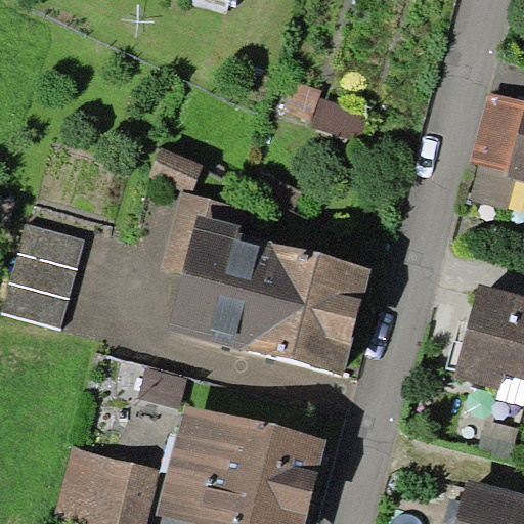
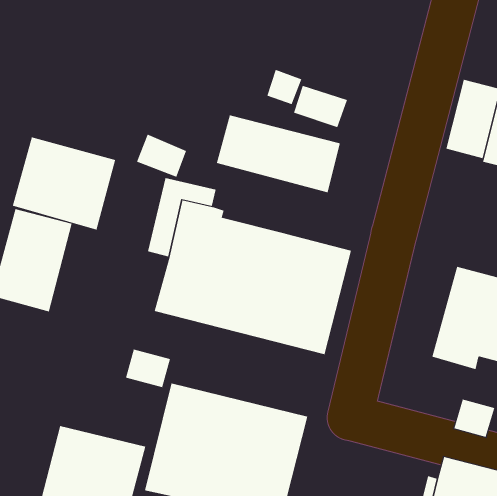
building: none -> [216,115,341,193]
building: none -> [12,137,116,230]

